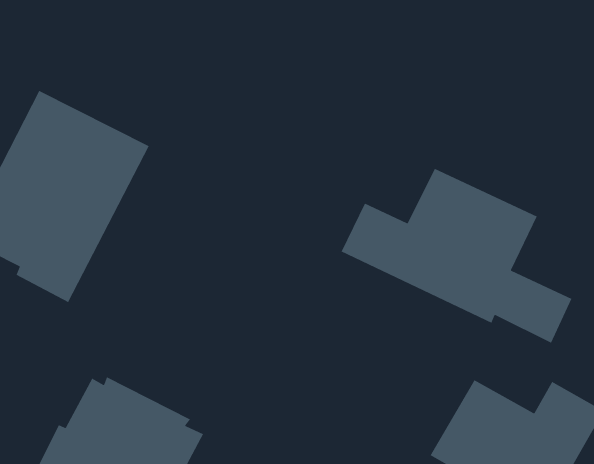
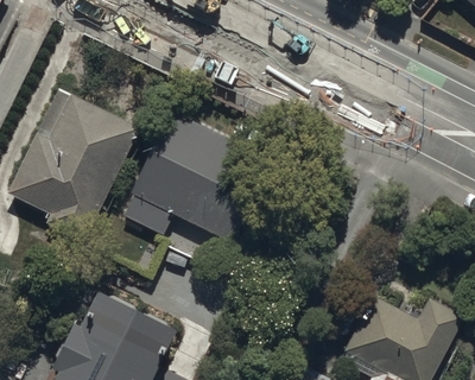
building: none -> [124,109,259,242]
building: [341,168,573,344] -> none

